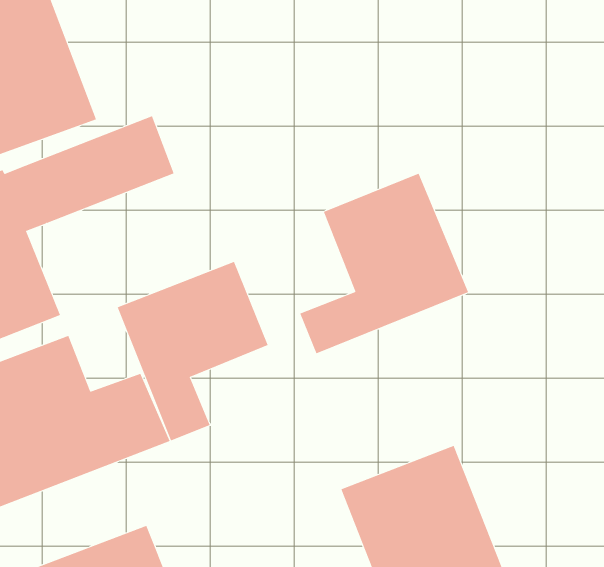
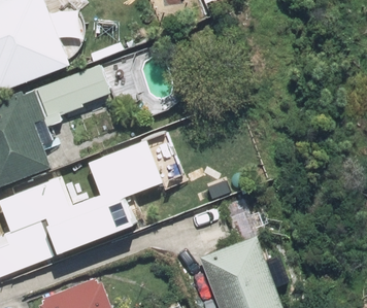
building: [300,173,469,354] -> none

